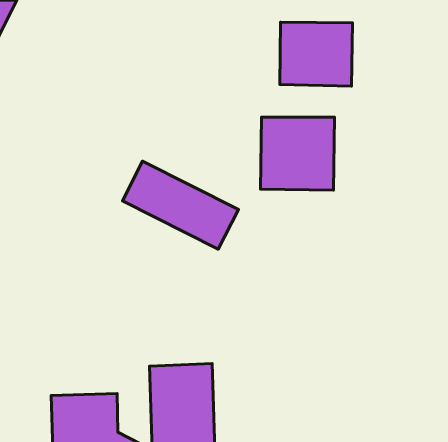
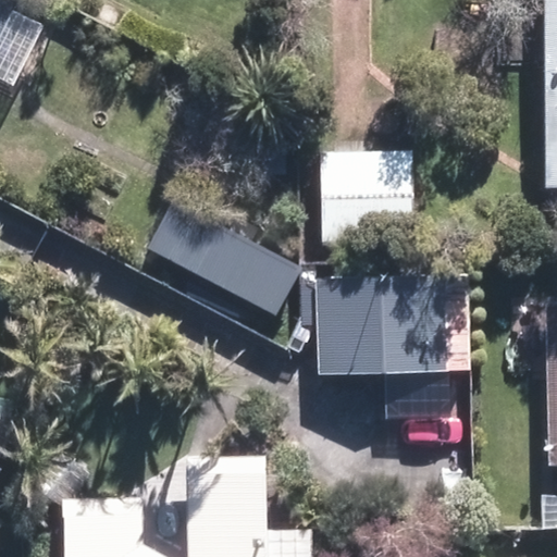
building: [280,22,352,86] -> none
building: none -> [318,265,451,376]

